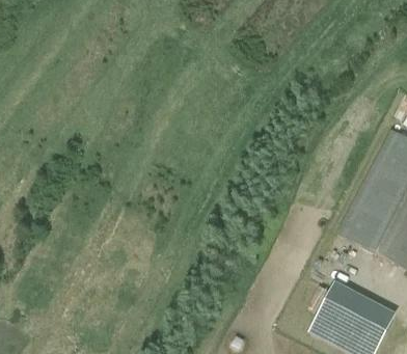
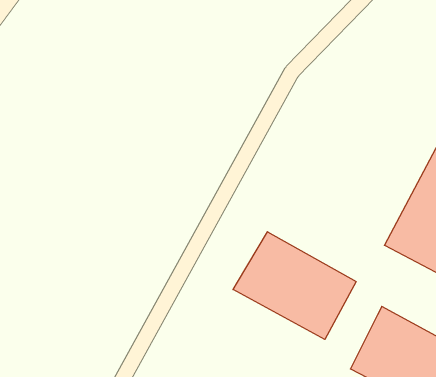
building: none -> [233,232,356,339]

